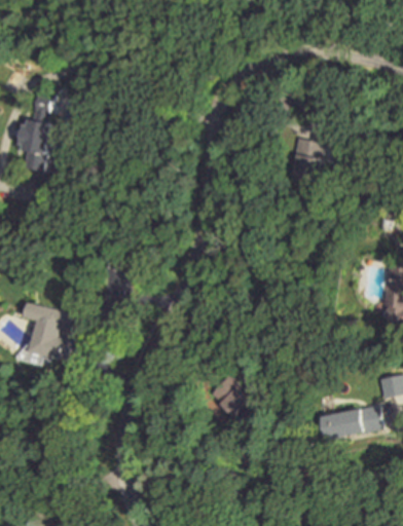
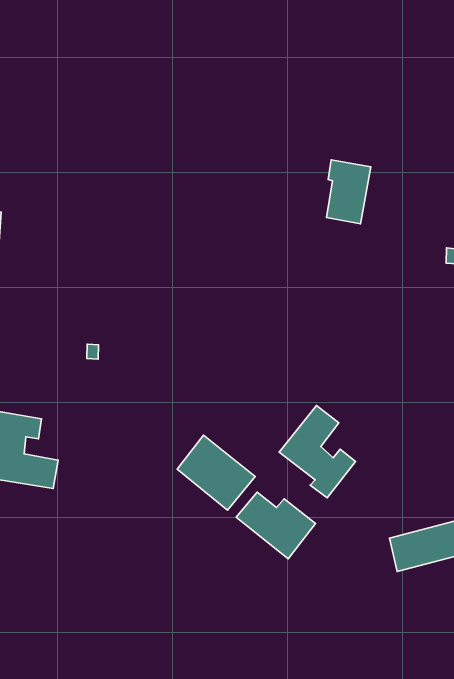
building: none -> [279,406,355,498]
building: none -> [177,435,255,510]

